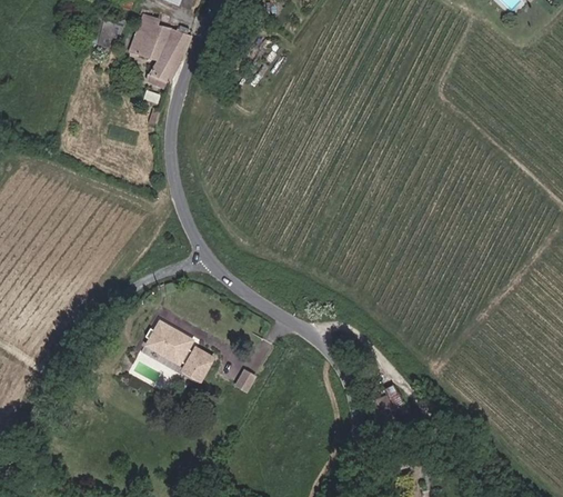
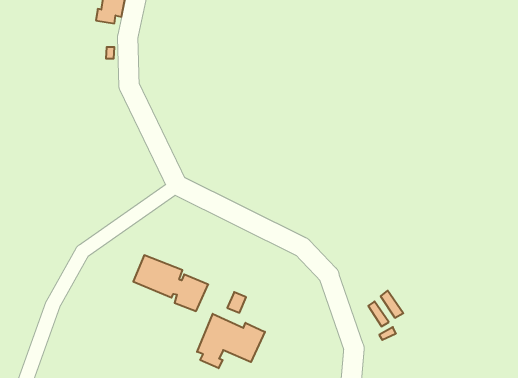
building: none -> [197,314,265,368]

